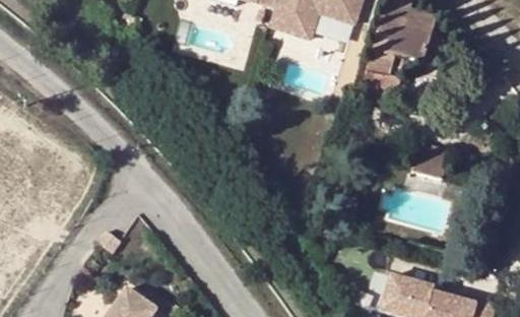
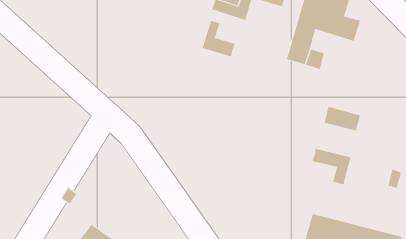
building: none -> [202,20,235,57]
building: none -> [312,148,351,185]

